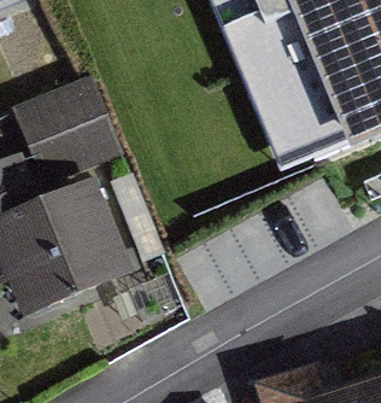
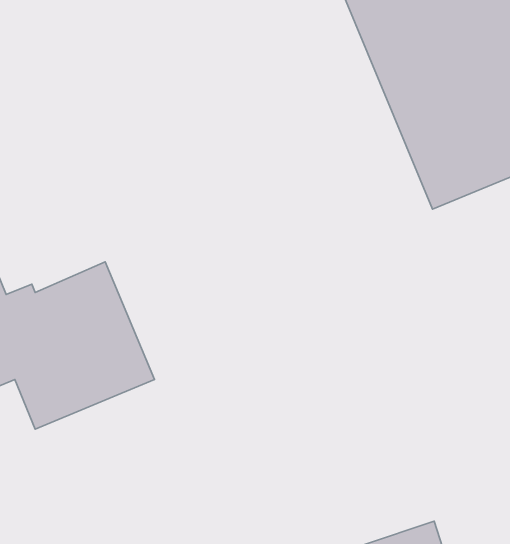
building: [13,81,117,182] -> none

